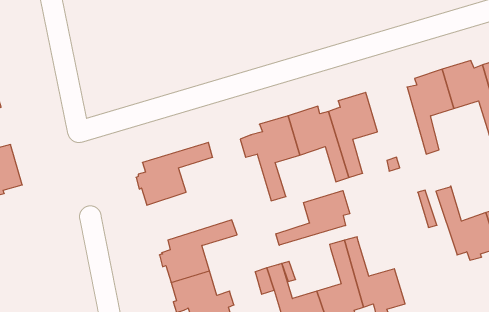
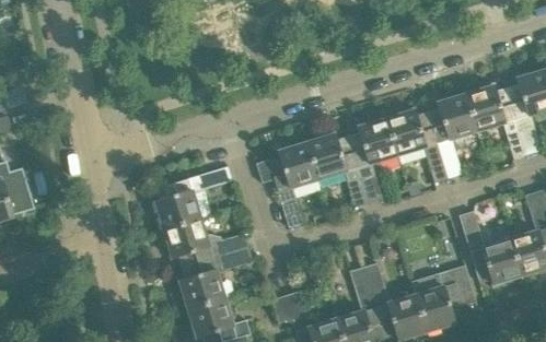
building: none -> [387,104,450,181]
building: [276,191,350,245] -> none
building: none -> [162,216,249,266]
building: none -> [413,264,479,331]

